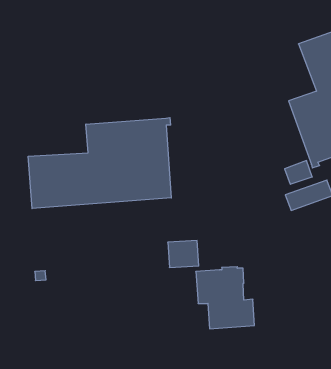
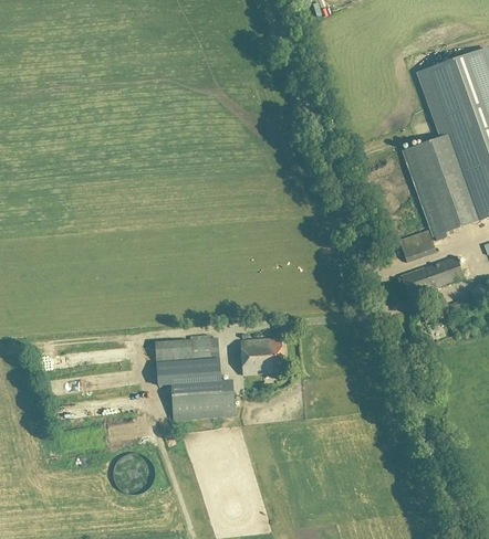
building: [28,118,171,209] -> none
building: [196,267,254,329] -> [154,335,233,419]

